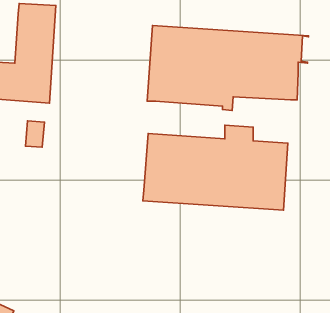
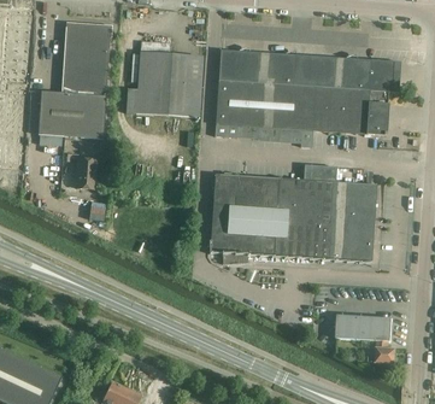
building: none -> [127,52,202,117]
building: none -> [336,314,395,363]

